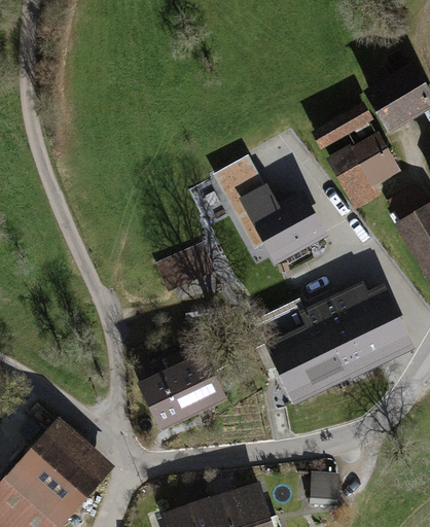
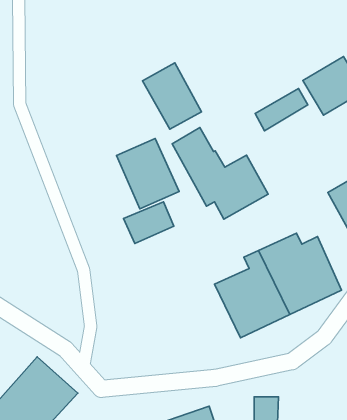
building: none -> [142,63,202,129]
building: [331,136,401,212] -> none
building: none -> [116,139,179,209]
building: [137,348,224,426] -> none

